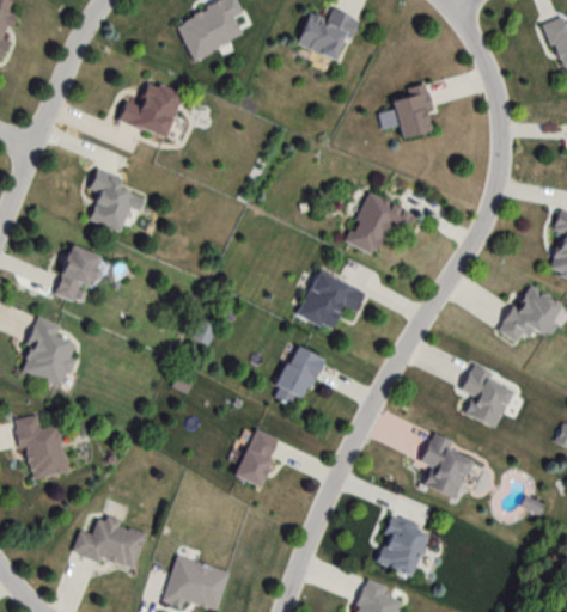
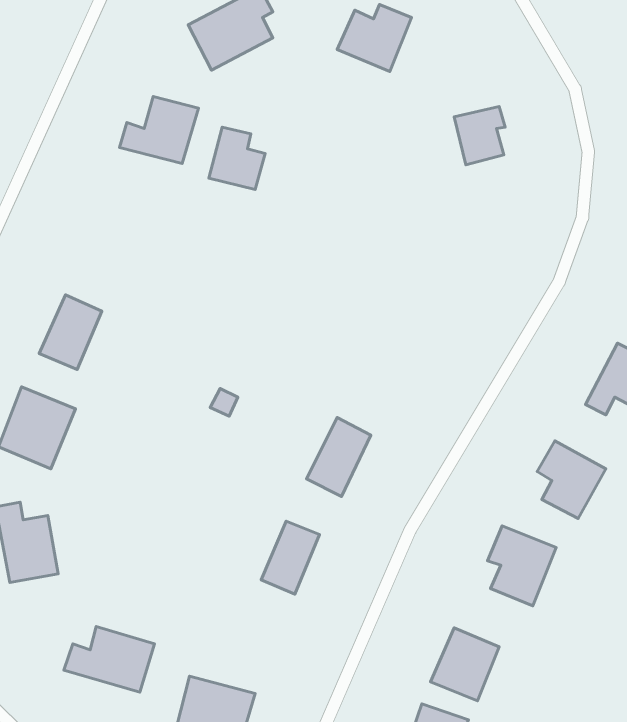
building: none -> [209,127,265,190]
building: [90,173,146,231] -> none
building: [343,191,415,256] -> none
building: [298,268,370,330] -> none

